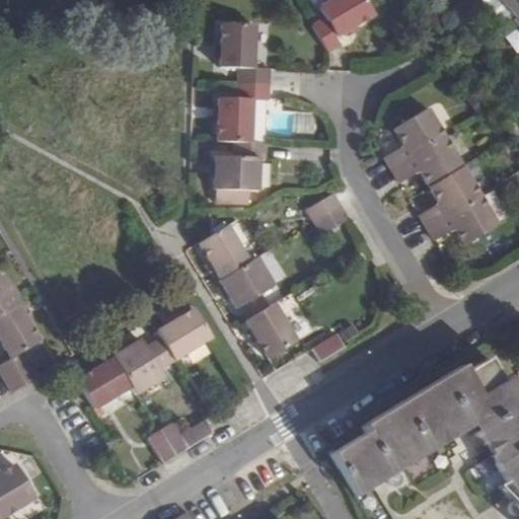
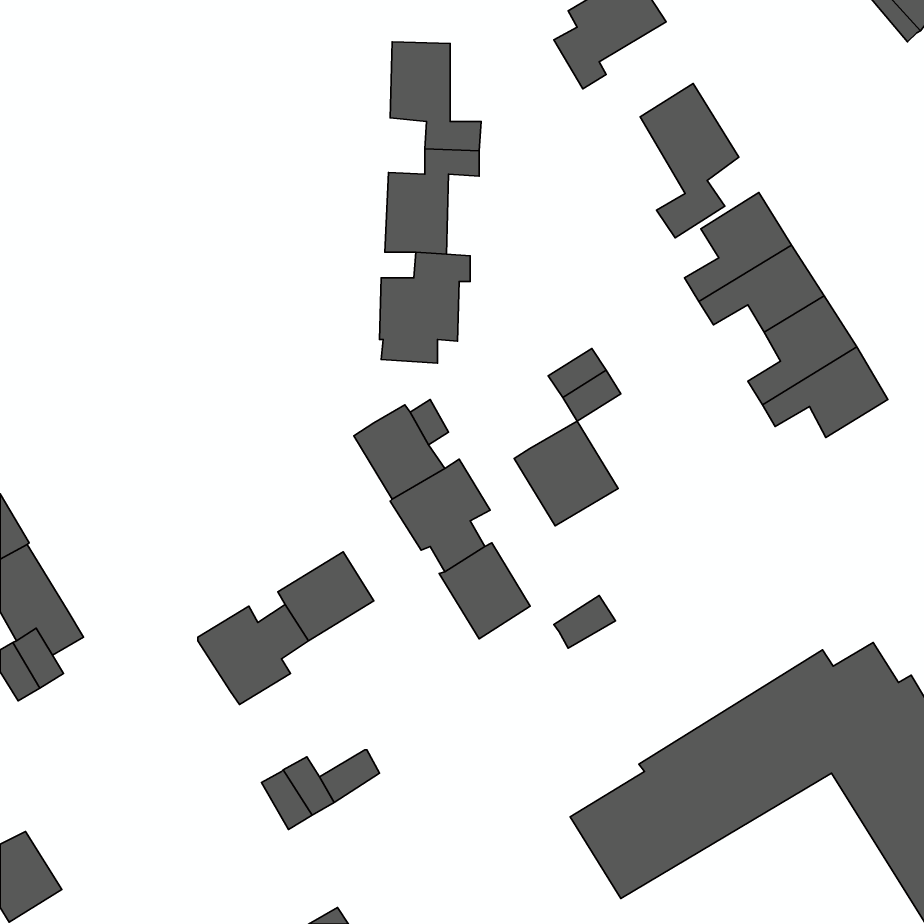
building: none -> [640,83,739,238]
building: none -> [514,421,618,526]
building: [77,358,131,407] -> none

